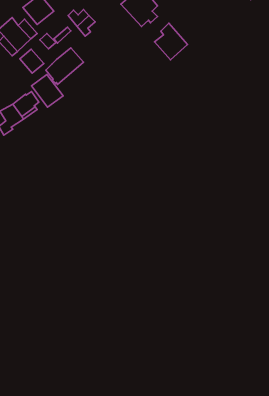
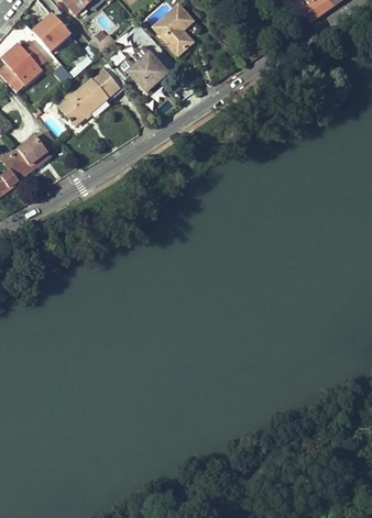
building: [155,23,188,60] -> [127,49,167,95]
building: [20,49,44,73] -> [90,68,120,98]
building: [31,75,63,107] -> none

